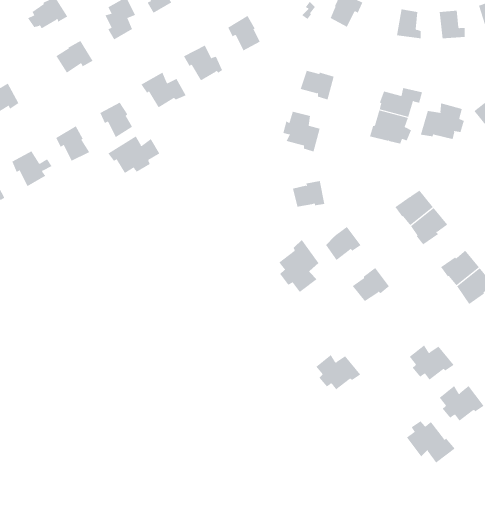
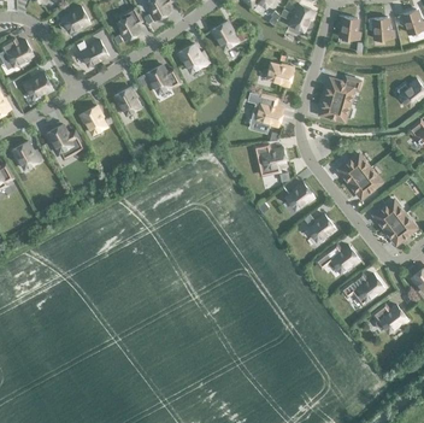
building: [420,103,465,140] -> none
building: [108,135,160,174] -> none
building: [278,239,319,293] -> none
building: [315,354,361,390] -> [323,243,358,271]
building: [406,420,455,463] -> none

